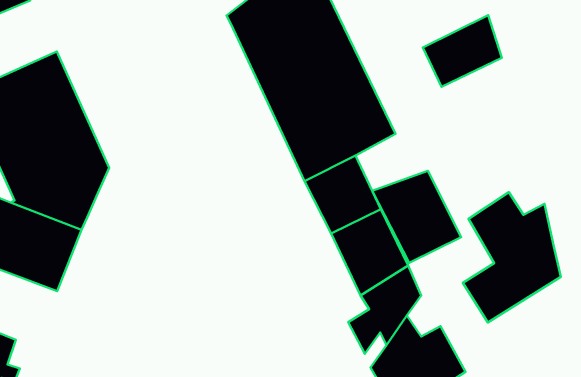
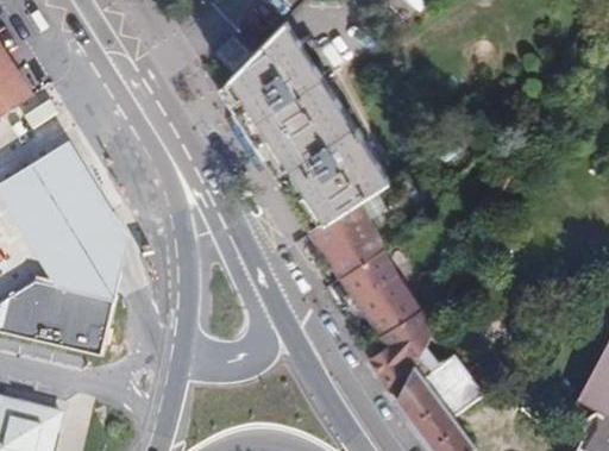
building: [423,15,502,87] -> none
building: [372,171,461,263] -> none
building: [463,192,561,322] -> none

